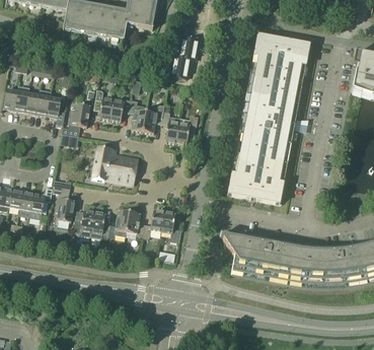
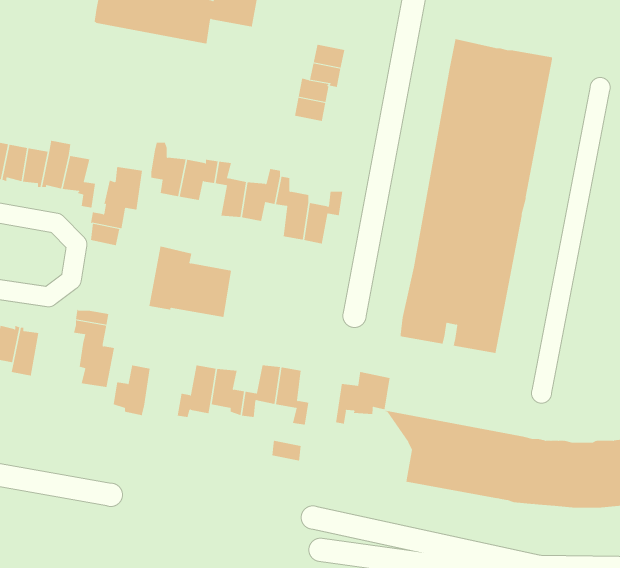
building: [30,187,53,218] -> none
building: [90,211,110,237] -> none
building: none -> [335,371,390,424]

